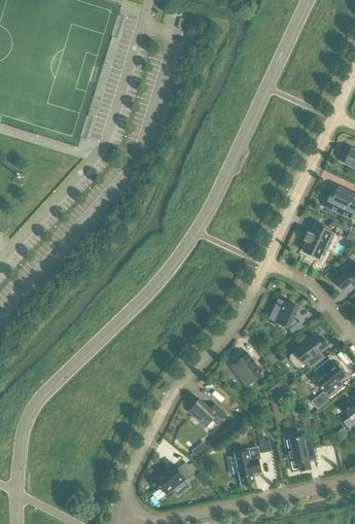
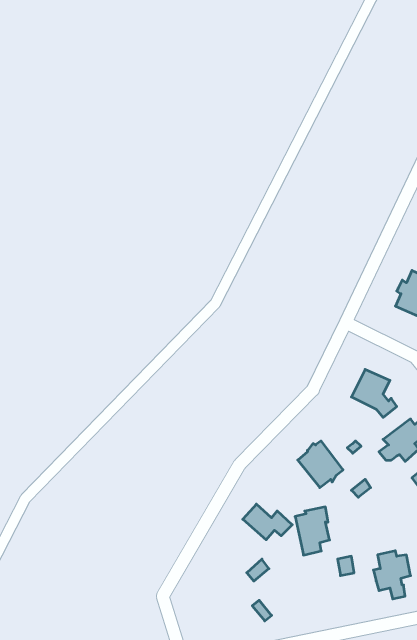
building: [235,447,260,483] -> [295,507,330,555]
building: [149,462,193,494] -> none

